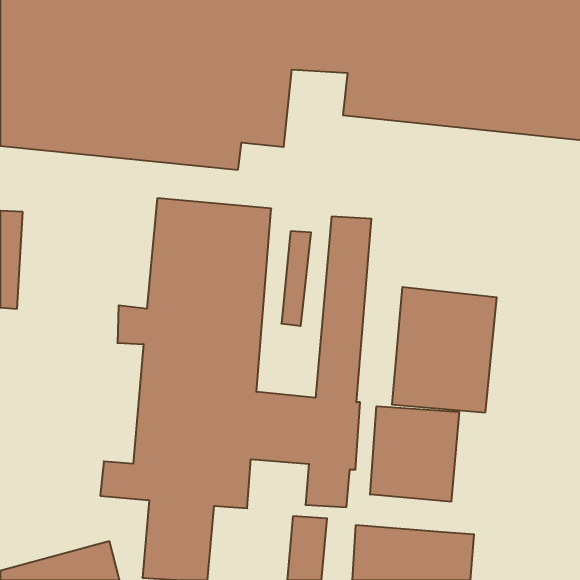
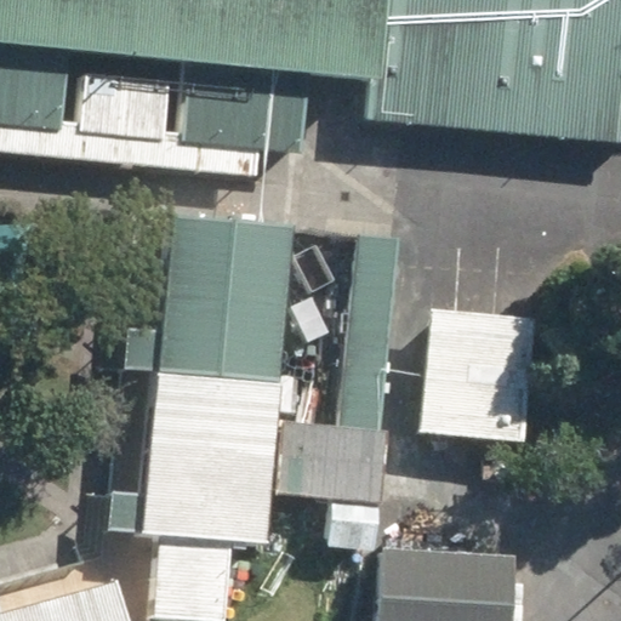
building: [370,406,459,502] -> none

